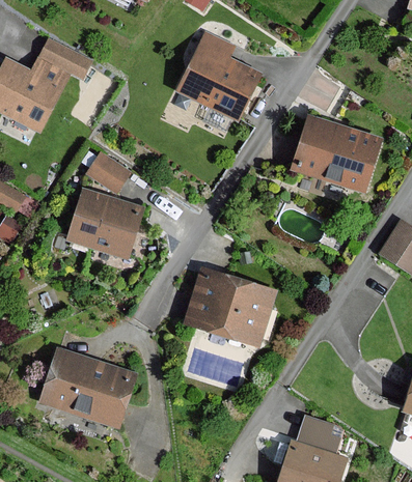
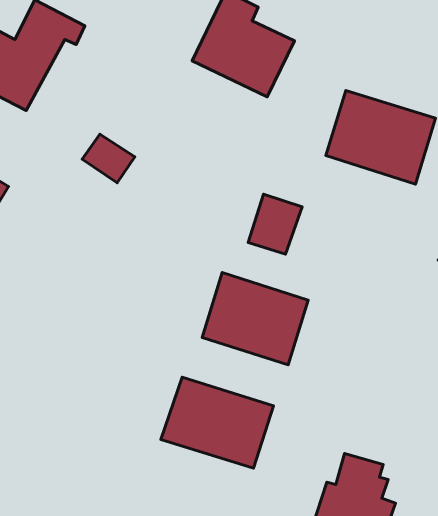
building: [65,189,145,257] -> none
building: none -> [248,194,302,254]
building: [40,349,134,425] -> [161,377,273,468]

